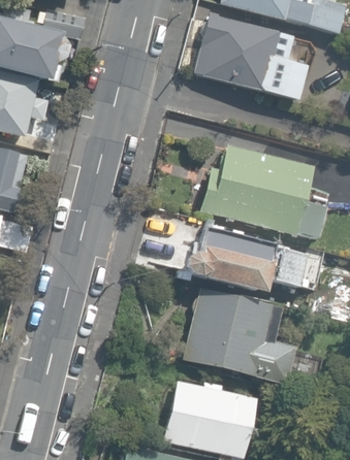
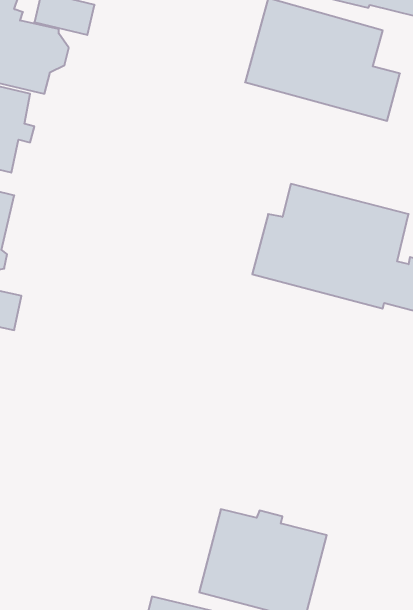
building: [186,219,309,292] -> none
building: [184,289,295,384] -> none

